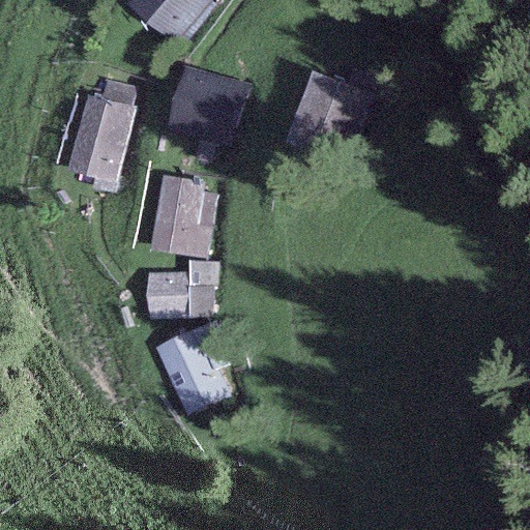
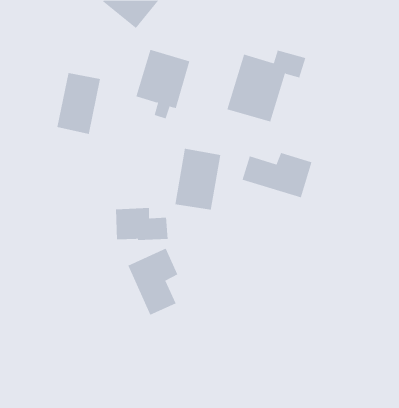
building: [152,175,212,255] -> [174,148,221,210]
building: none -> [242,152,312,198]

